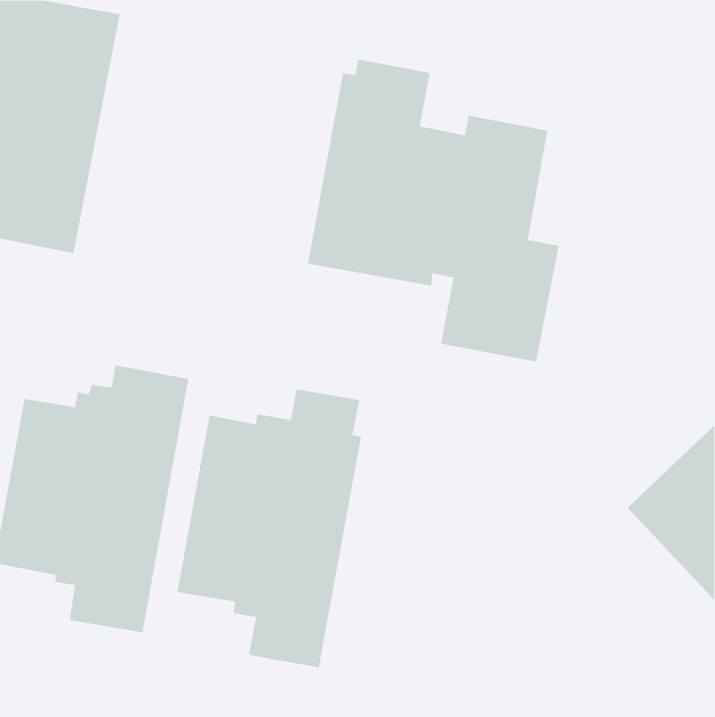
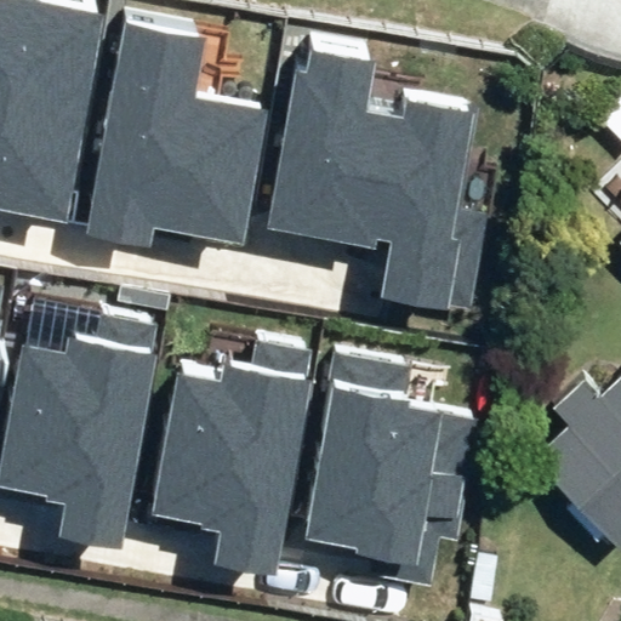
building: none -> [84,18,266,246]
building: none -> [302,348,479,583]

